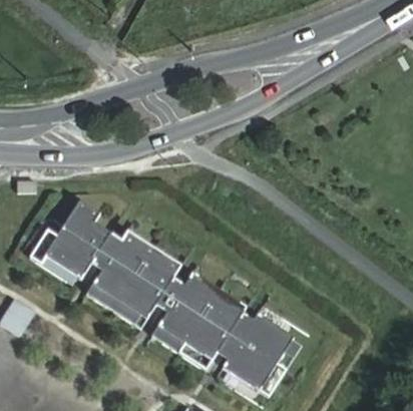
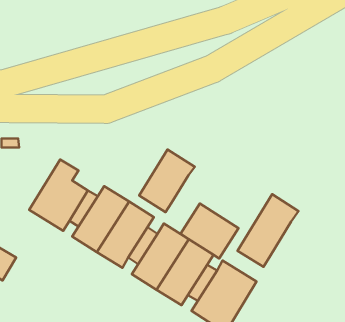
building: none -> [139,149,195,212]
building: none -> [237,194,299,267]
building: none -> [180,204,239,259]

